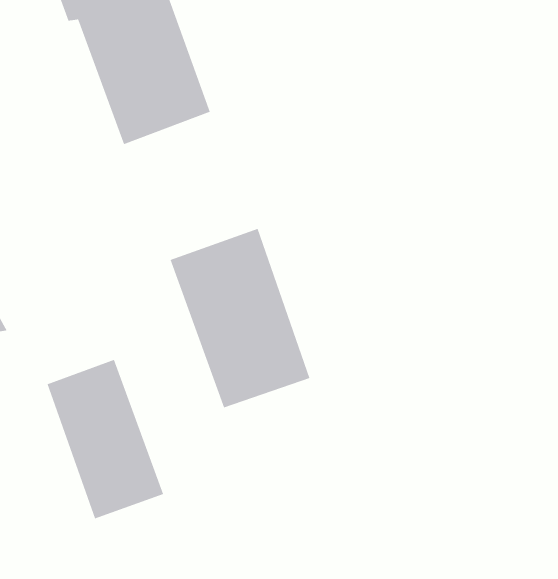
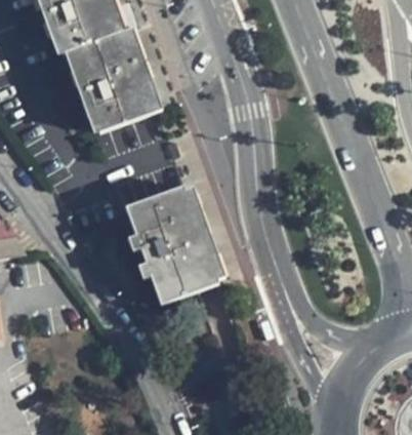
building: [47,359,164,519] -> none

